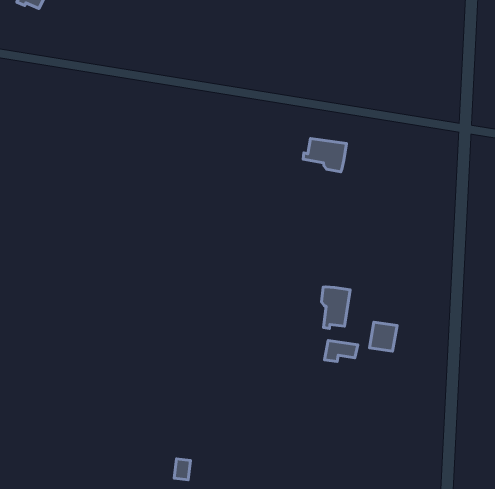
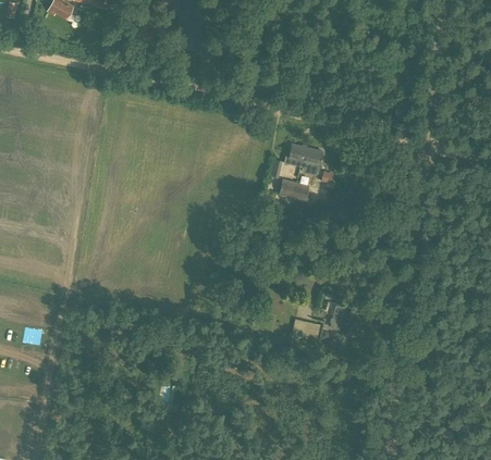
building: none -> [279,178,309,202]
building: [322,287,350,329] -> none

